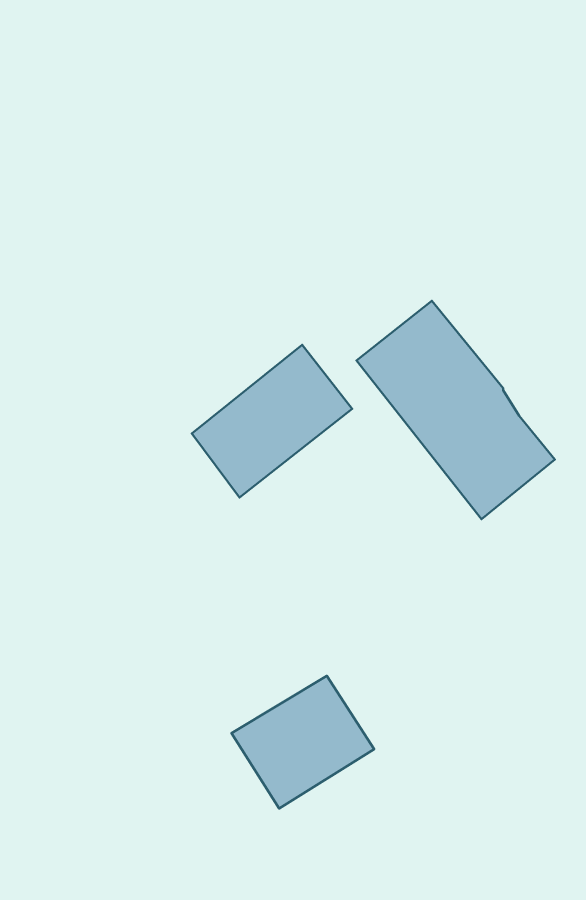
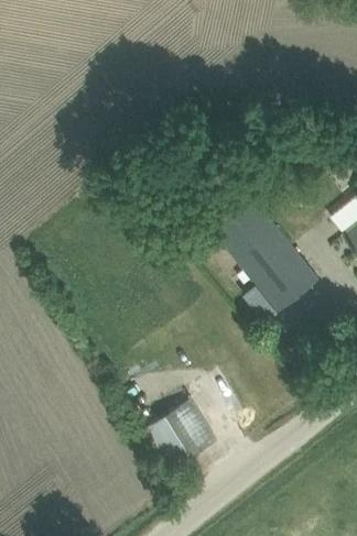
building: [192,345,352,497] -> none

